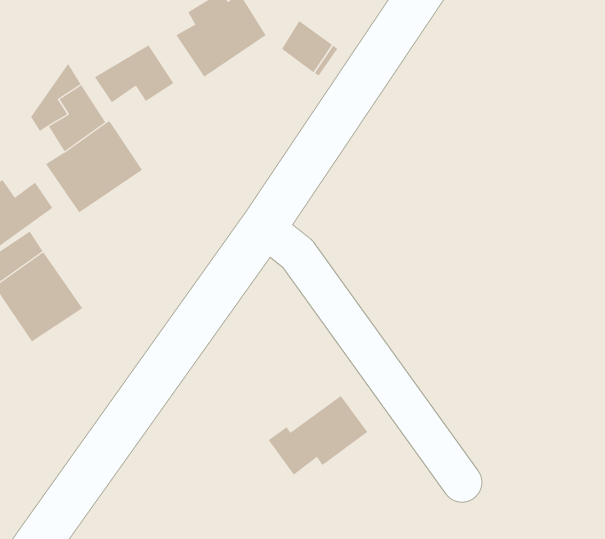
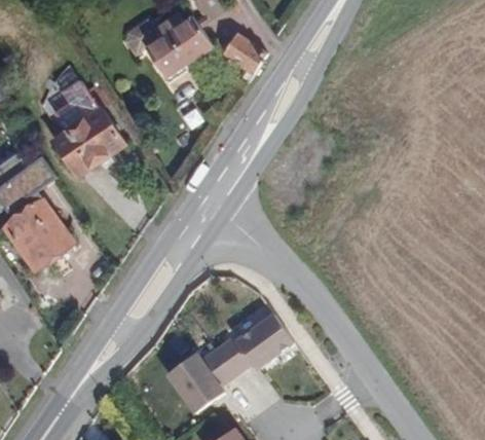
building: [94,44,174,103] -> none
building: none -> [167,350,234,413]

